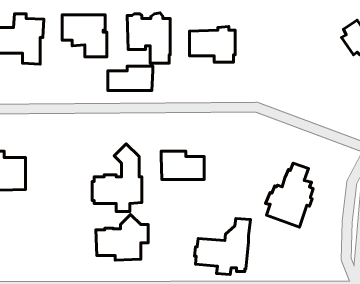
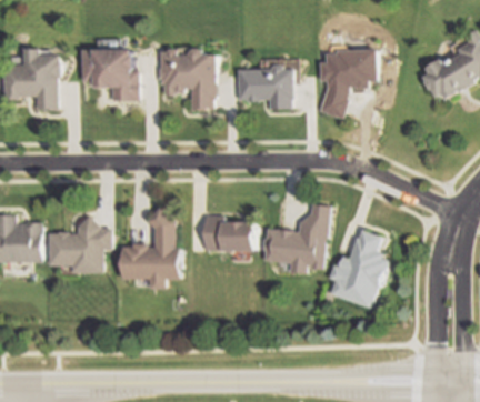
building: none -> [318,49,378,120]
building: [108,66,153,91] -> none
building: [96,214,148,260] -> [46,215,109,271]
building: [194,218,250,274] -> [261,204,329,272]

